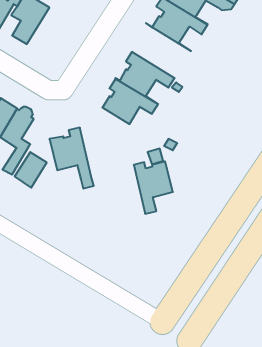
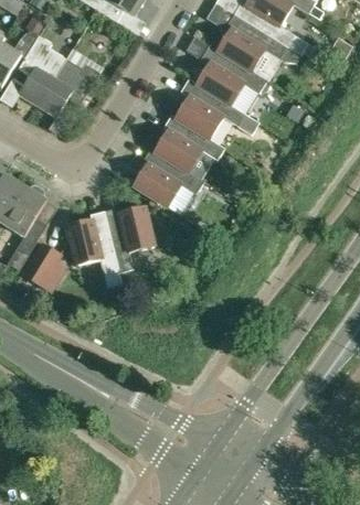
building: none -> [36,58,99,117]
building: none -> [170,78,261,148]
building: [134,161,173,214] -> [104,206,153,272]

